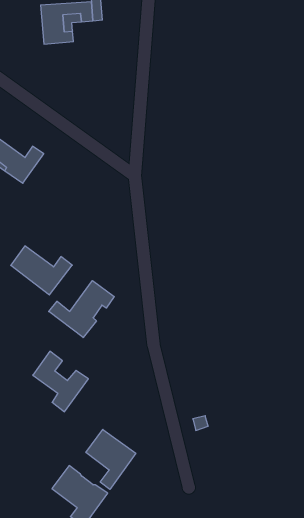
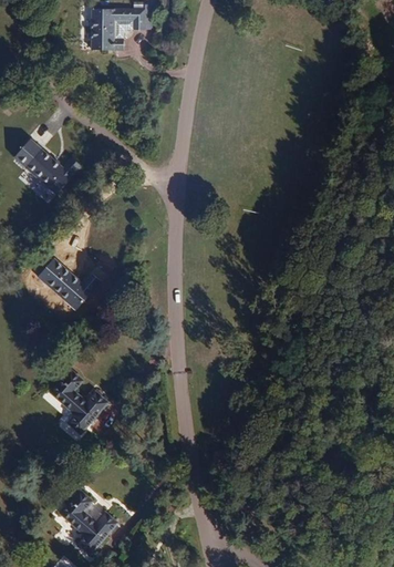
building: [49,281,114,338] -> none
building: [86,429,136,489] -> none

